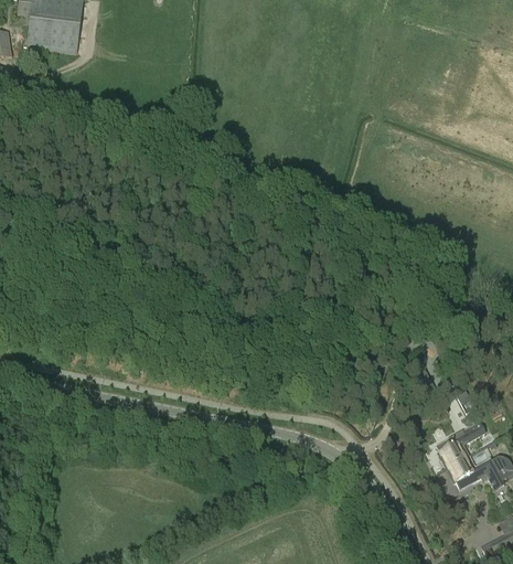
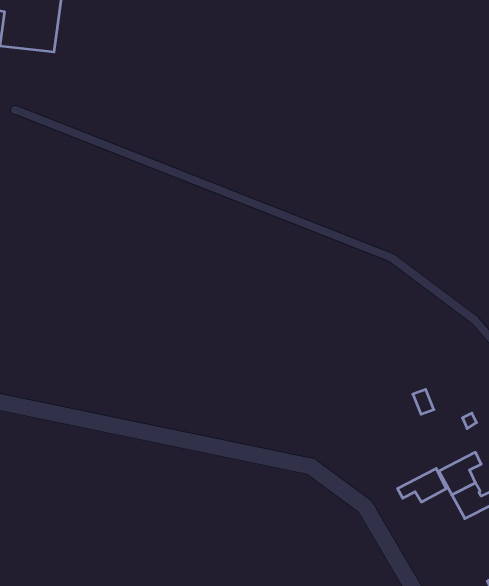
building: none -> [398,468,446,502]

